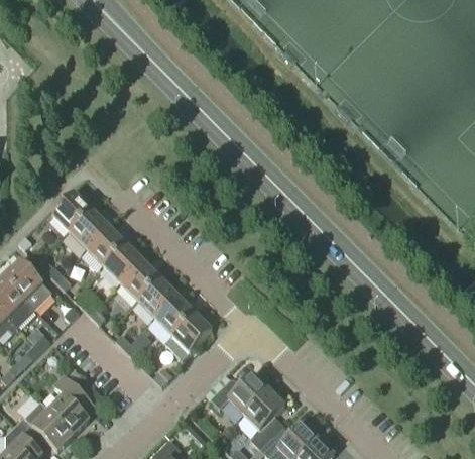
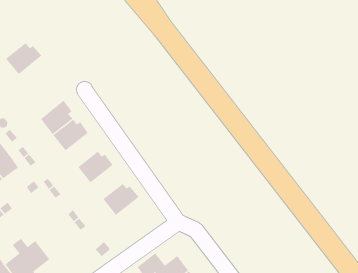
building: [51,194,95,233] -> [5,43,42,75]
building: [104,242,143,284] -> none
building: [138,276,177,319] -> none
building: [164,311,212,361] -> none

